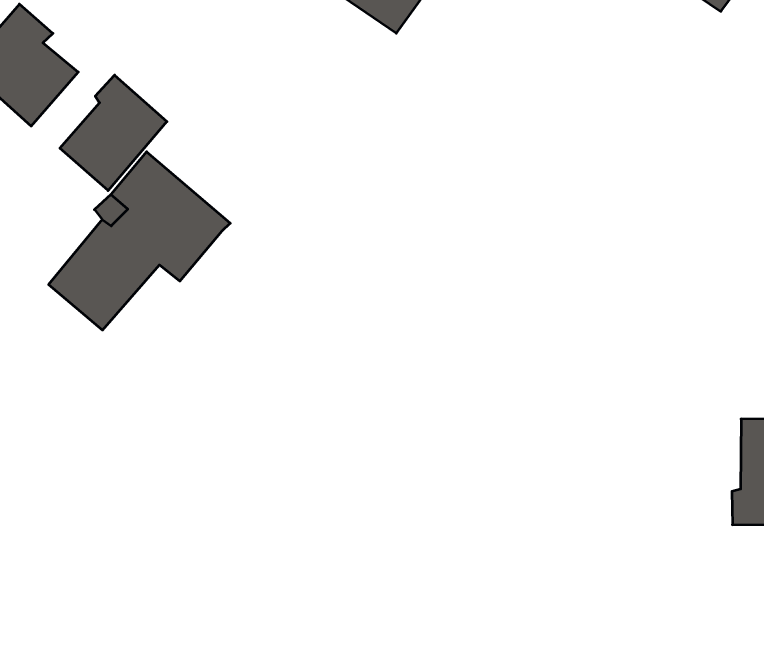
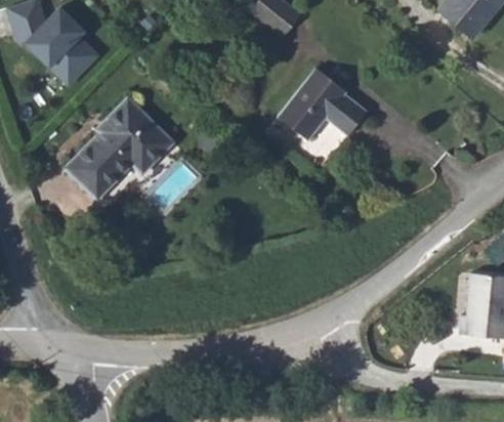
building: [60,75,167,191] -> none
building: none -> [280,69,365,140]

